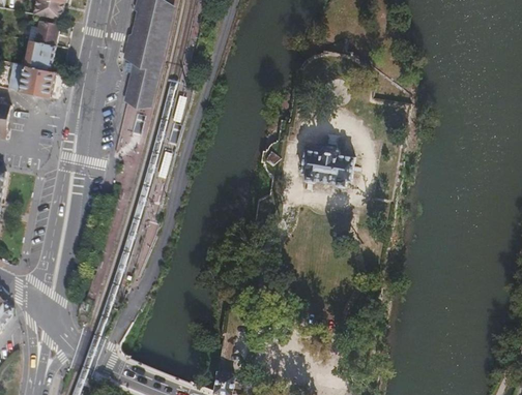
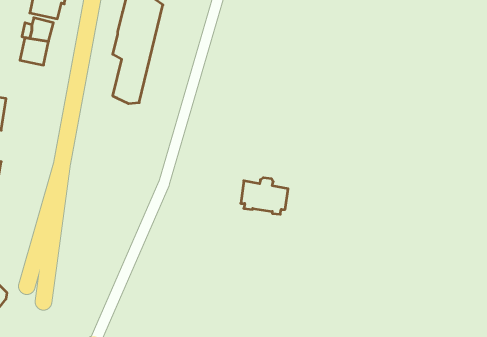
building: [7,61,55,96] -> none
building: [302,146,352,184] -> [241,178,288,214]

